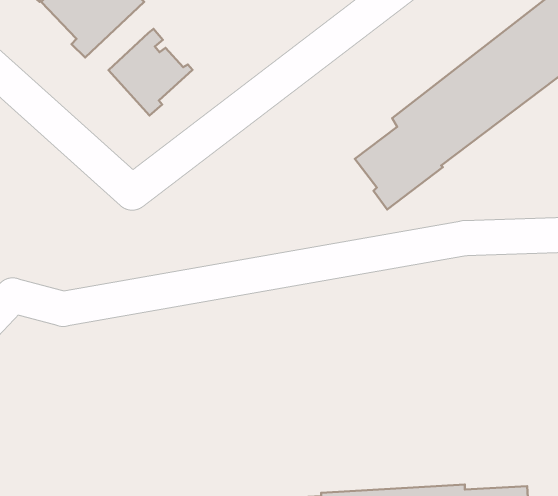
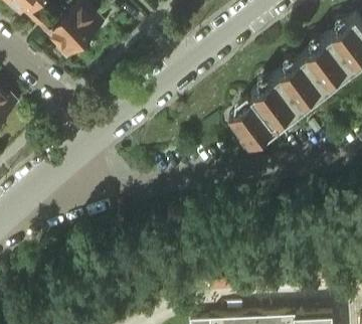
building: [108,29,192,116] -> none

